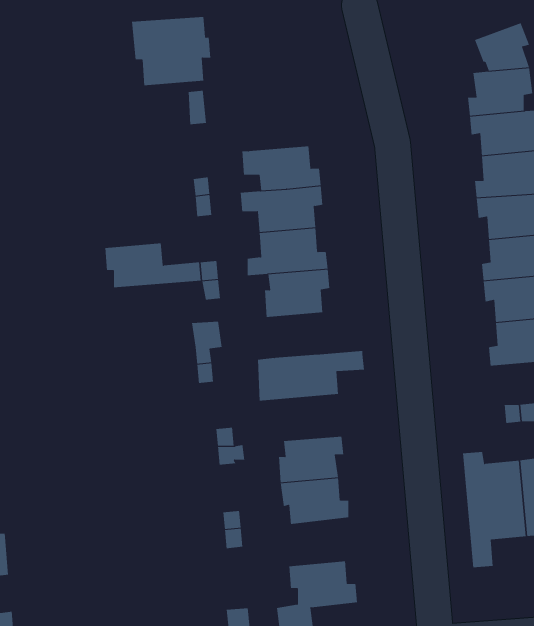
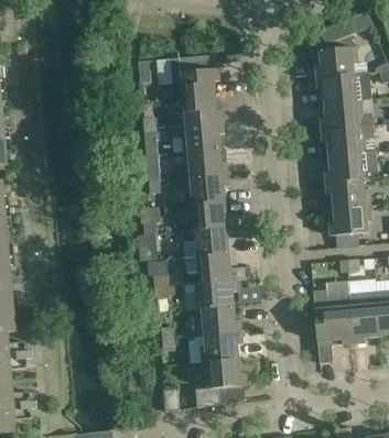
building: [131,16,211,86] -> [169,56,219,100]
building: [104,243,202,288] -> [187,202,249,231]
building: none -> [183,254,253,285]
building: none -> [199,332,241,363]

